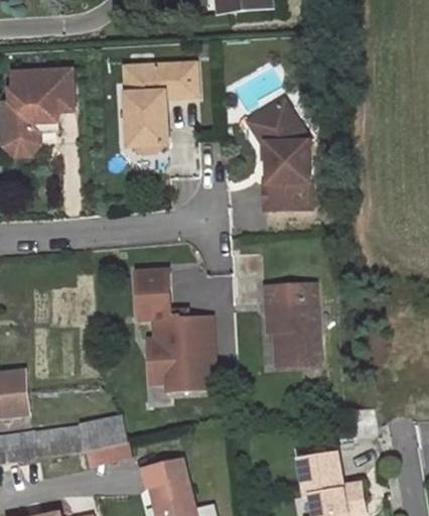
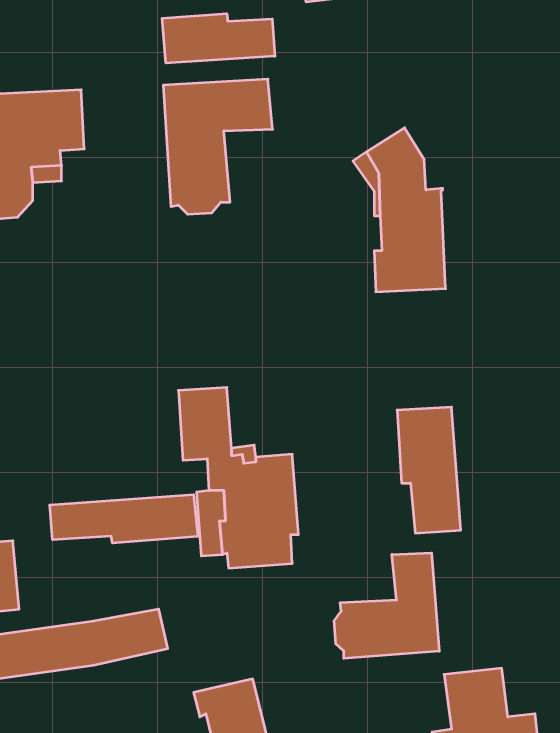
building: none -> [162,14,275,63]
building: none -> [50,495,198,543]
building: none -> [334,553,439,658]

